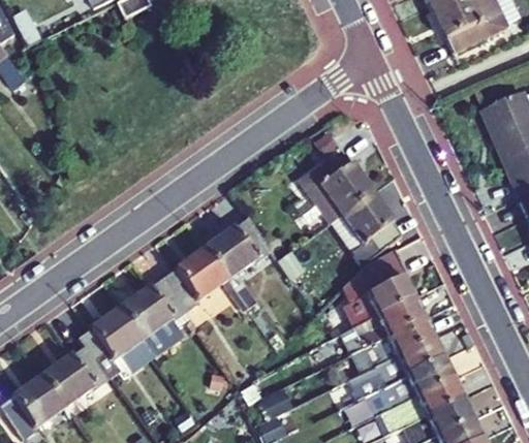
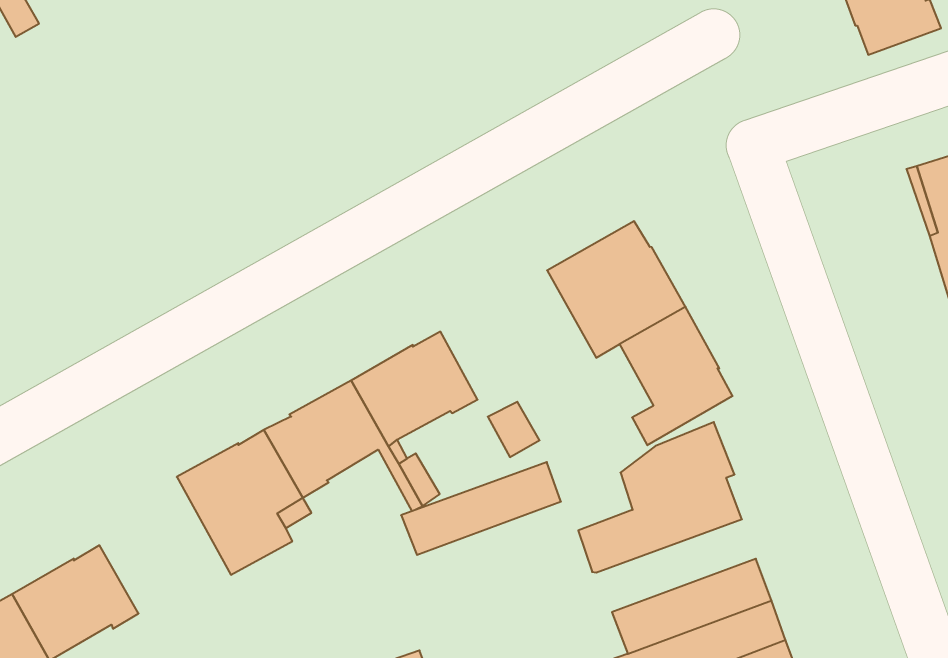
building: [341,297,423,352] -> [401,462,561,555]
building: [79,306,155,378] -> none

